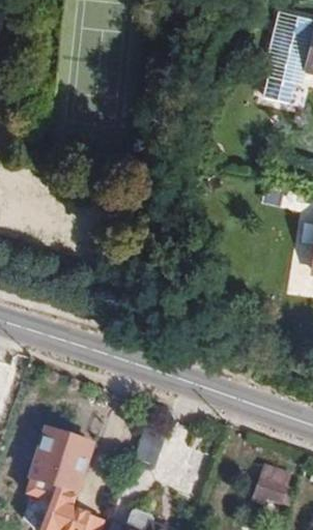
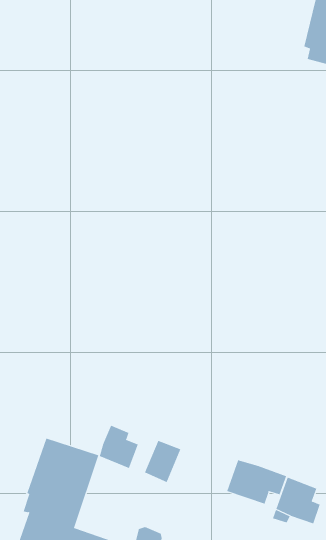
building: none -> [99,425,139,469]
building: none -> [226,460,287,504]

